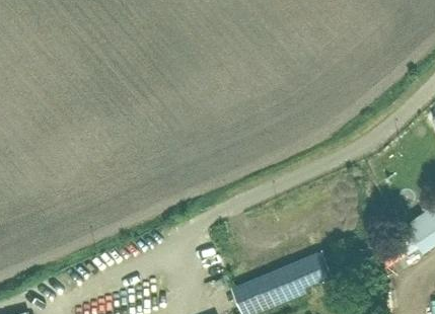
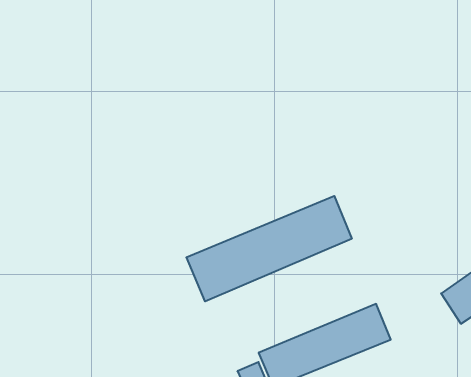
building: none -> [186,196,352,301]

